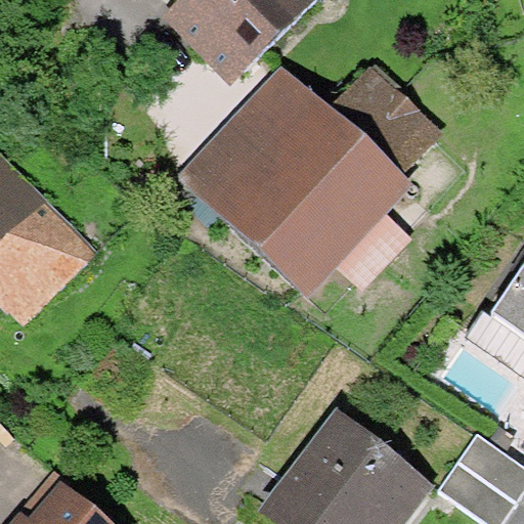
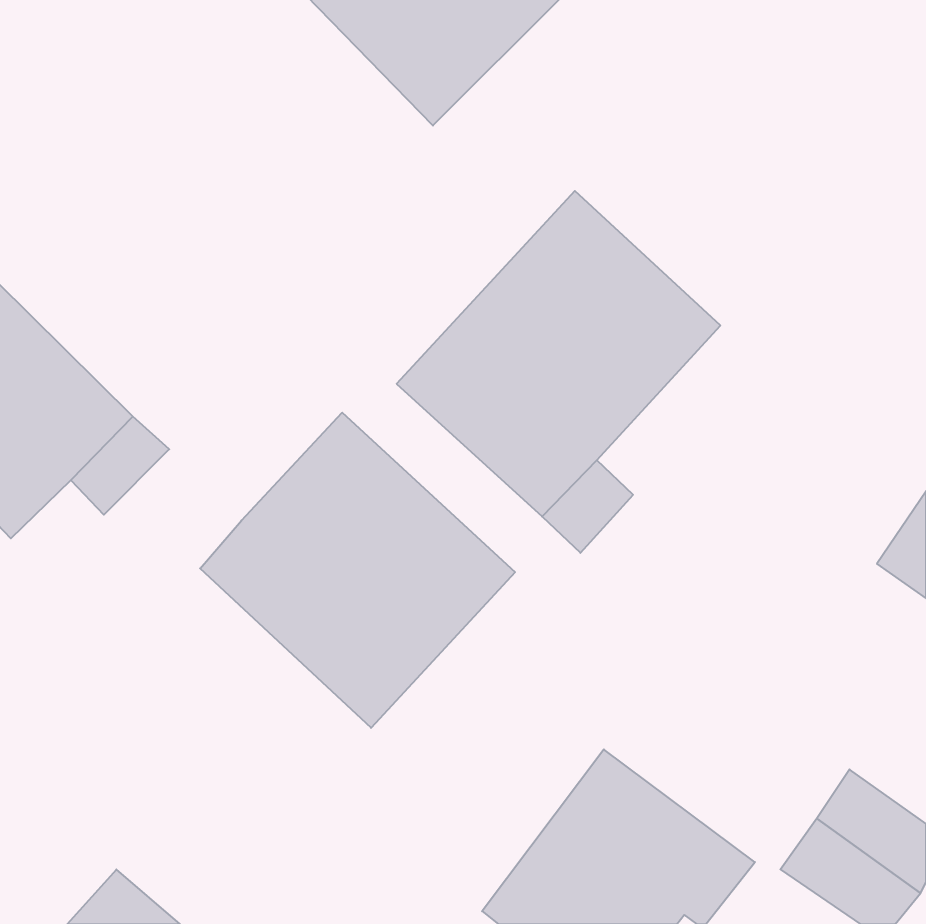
building: [185,74,323,216] -> none
building: none -> [200,413,515,728]

